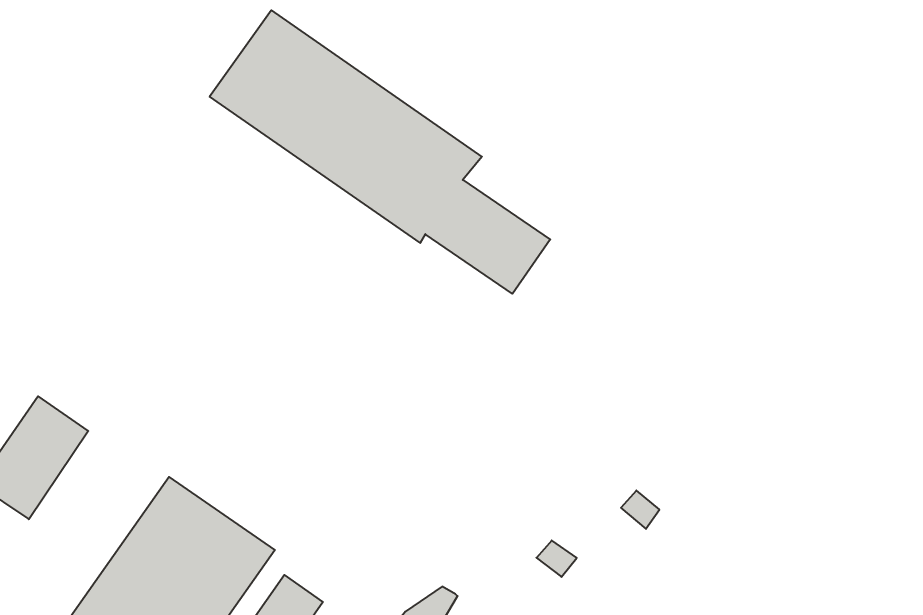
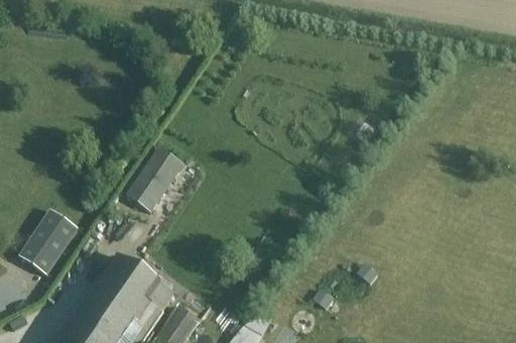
building: [210,10,550,294] -> none
building: none -> [125,146,181,210]

